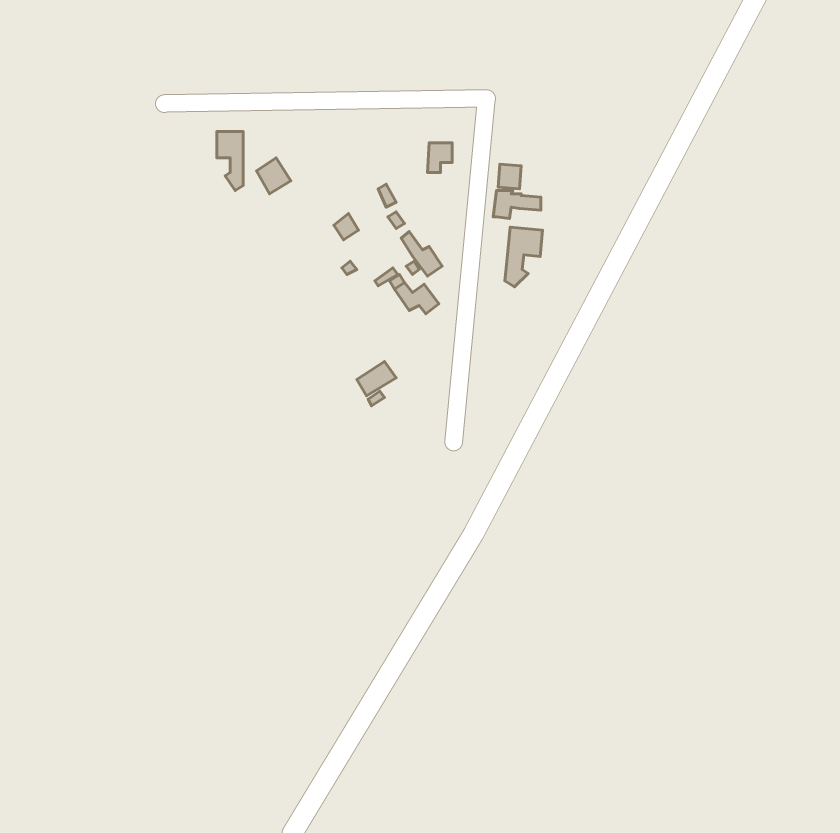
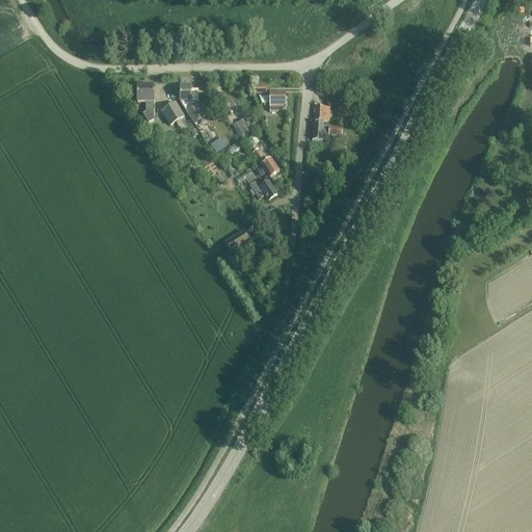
building: none -> [181,83,204,119]
building: [505,227,543,287] -> none

